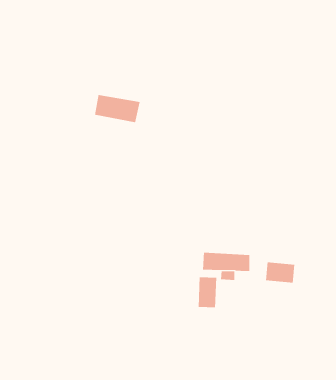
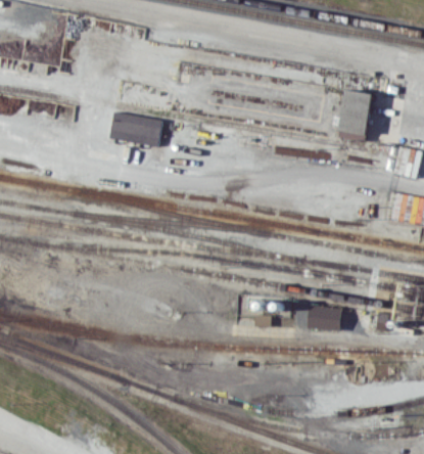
building: none -> [337,89,372,134]
building: [198,277,217,308] -> none

